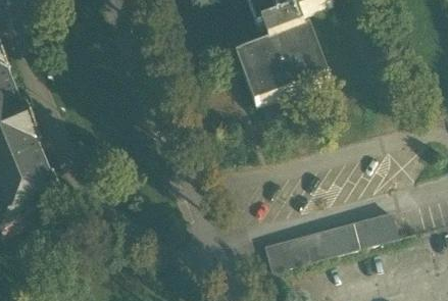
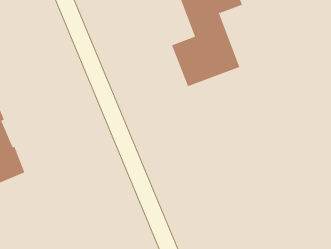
building: [264,212,398,270] -> none

